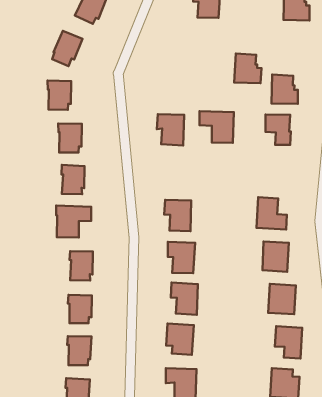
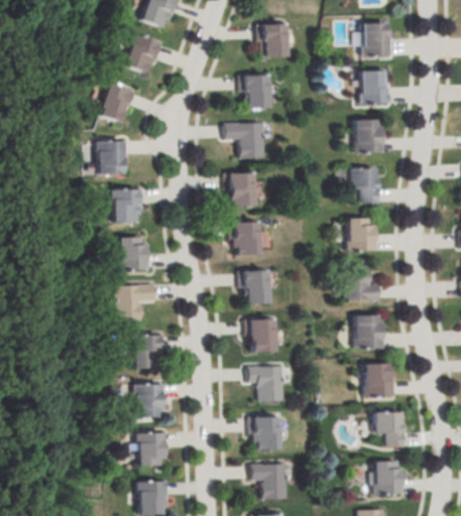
building: none -> [239,76,270,111]
building: [234,54,261,83] -> [361,72,391,105]
building: [200,111,234,143] -> [225,119,265,155]
building: none -> [348,215,378,248]
building: none -> [230,221,261,256]

